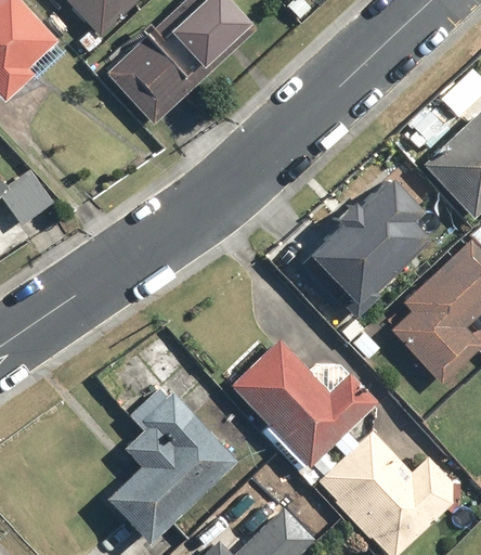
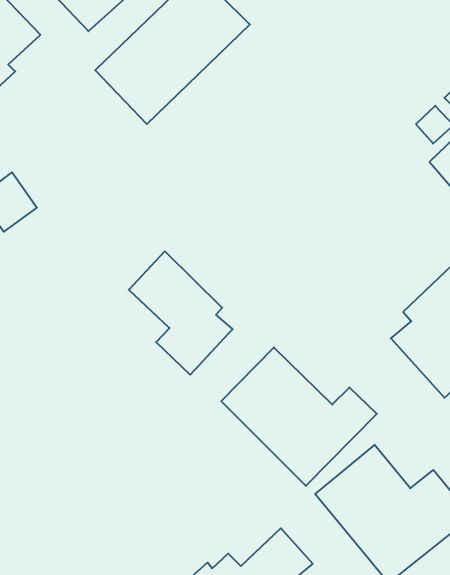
building: [300,173,433,318] -> none
building: none -> [129,251,233,375]
building: [107,384,238,544] -> none

